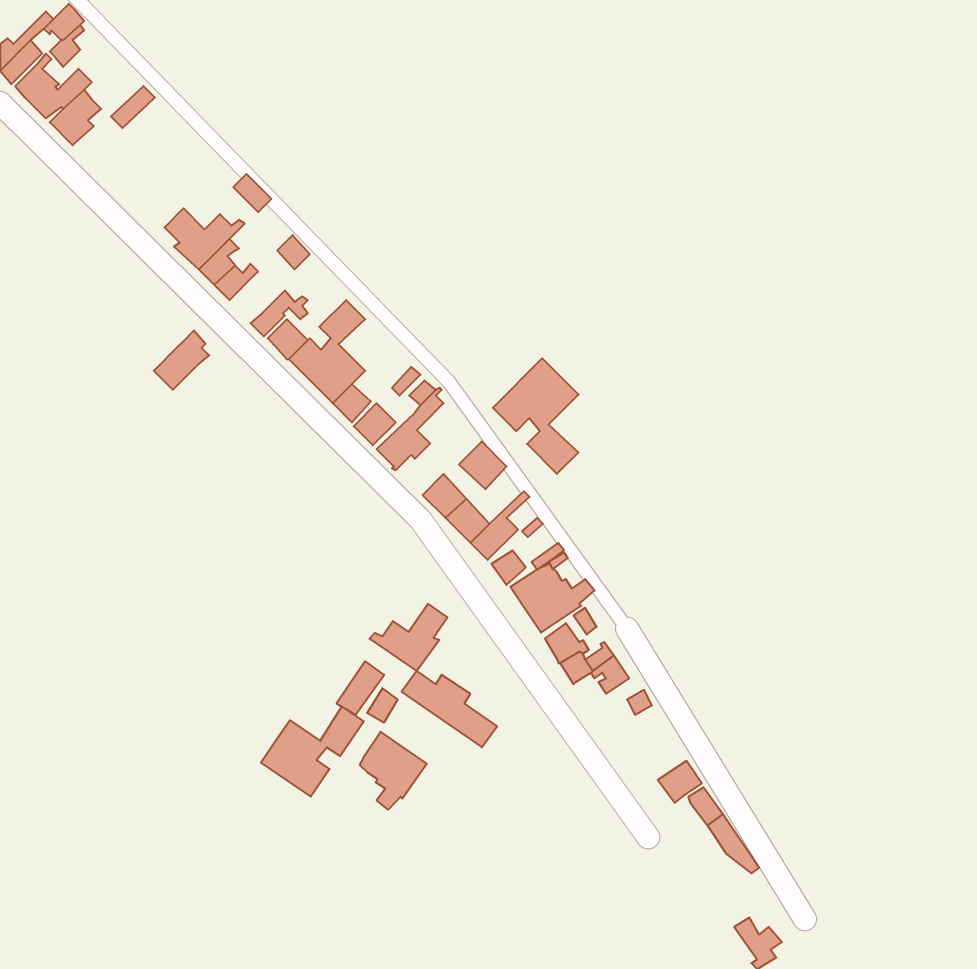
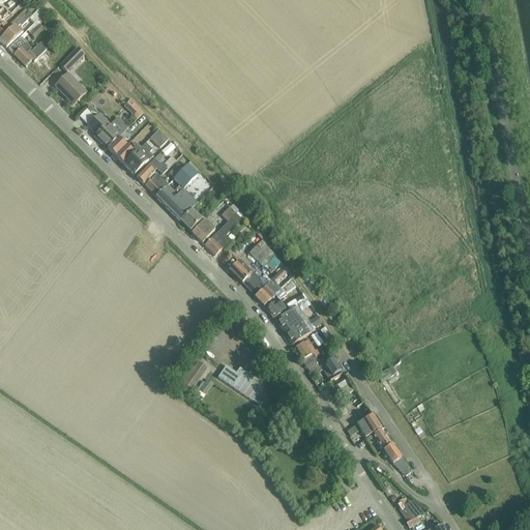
building: none -> [55,70,86,102]
building: [154,331,209,390] -> [124,141,154,173]
building: [493,358,579,474] -> none
building: [369,604,447,671] -> none
building: [261,707,364,797] -> none
building: [360,732,427,810] -> none

